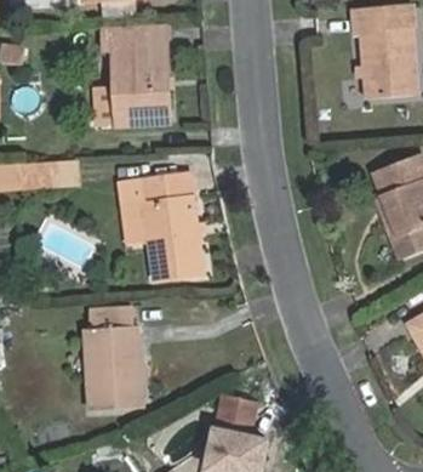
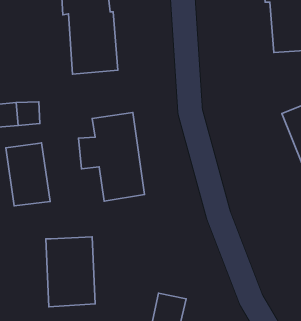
building: none -> [6,143,50,206]

